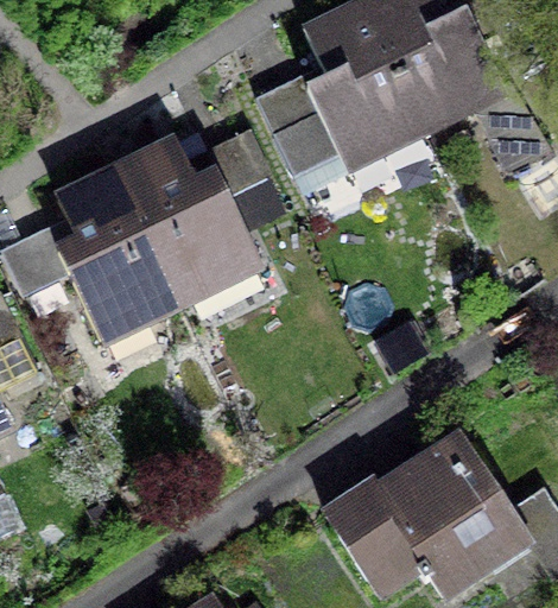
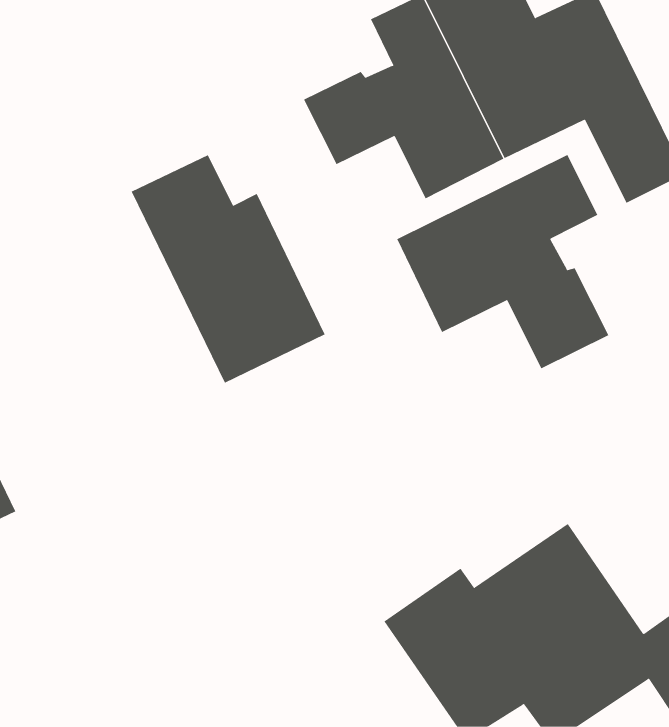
building: none -> [397,154,609,369]
building: [43,163,185,357] -> none

